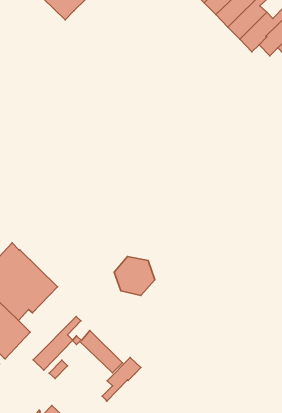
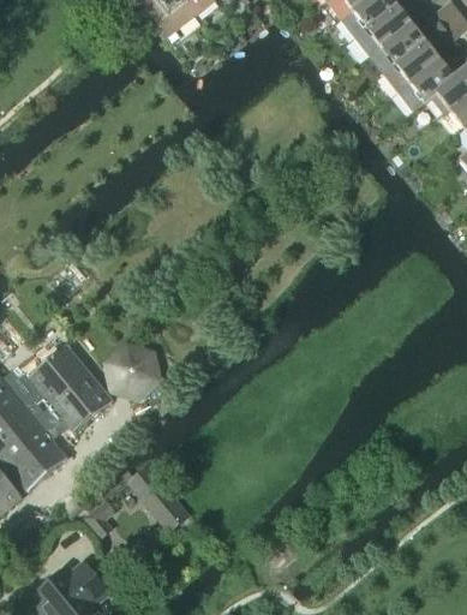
building: [114,257,155,295] -> [107,345,161,400]
building: [33,317,81,370] -> none
building: [102,357,141,401] -> none

